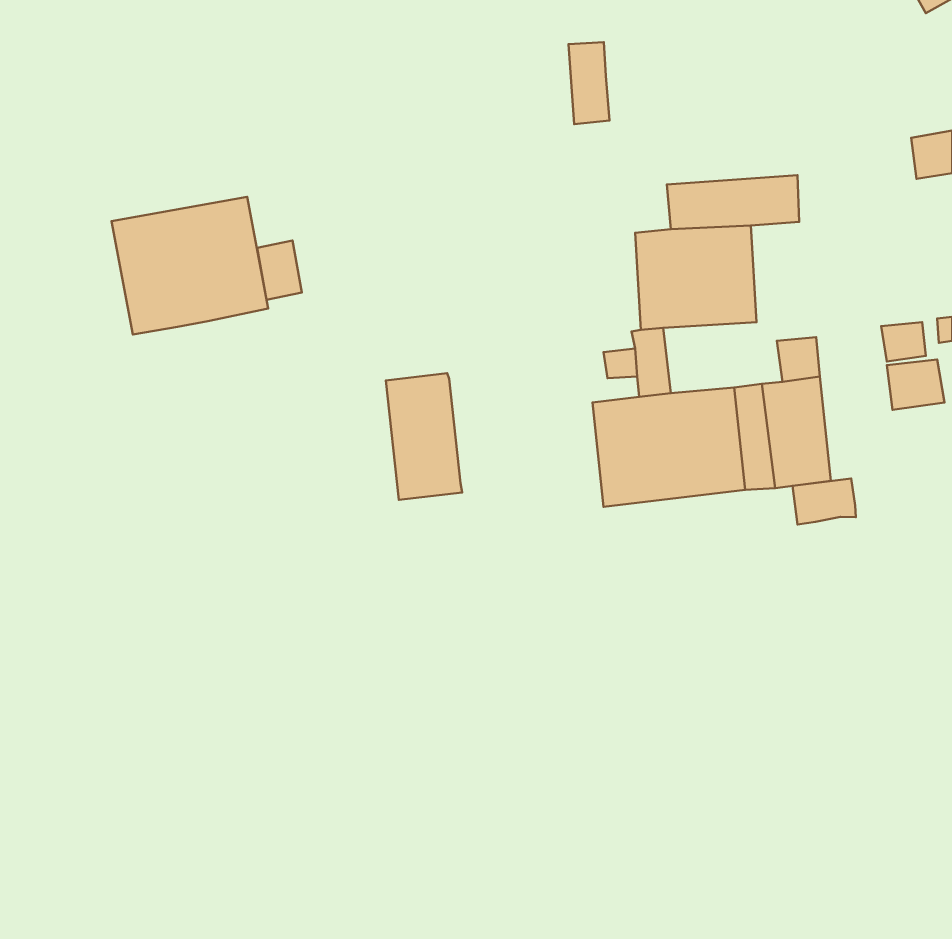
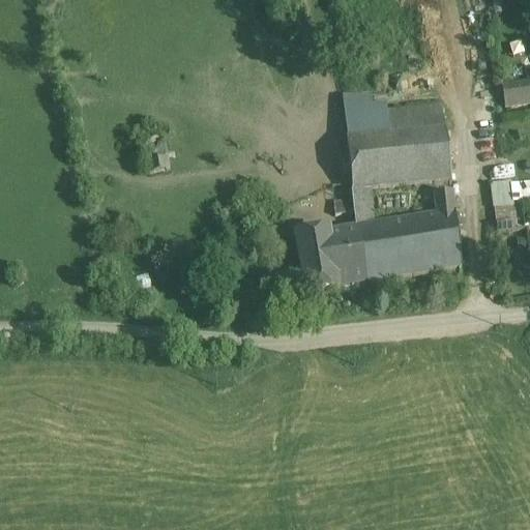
building: [569,42,609,124] -> [350,84,373,129]
building: [112,197,268,335] -> none
building: none -> [417,123,448,179]
building: [386,373,462,500] -> [294,220,336,291]
building: [793,478,856,525] -> none

